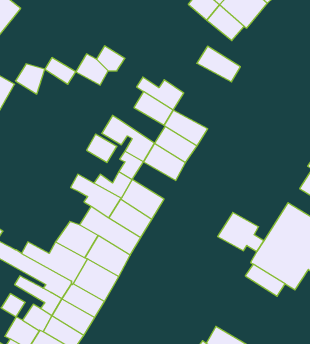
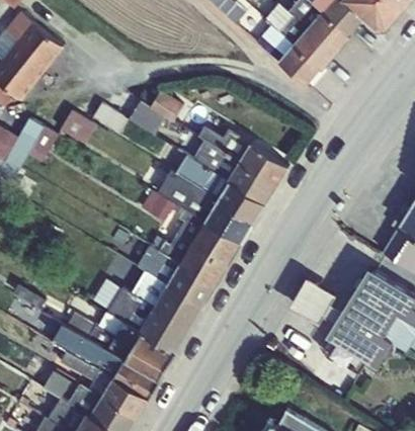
building: [197,46,240,82] -> [238,144,287,184]
building: none -> [175,155,229,200]
building: none -> [191,222,241,264]

